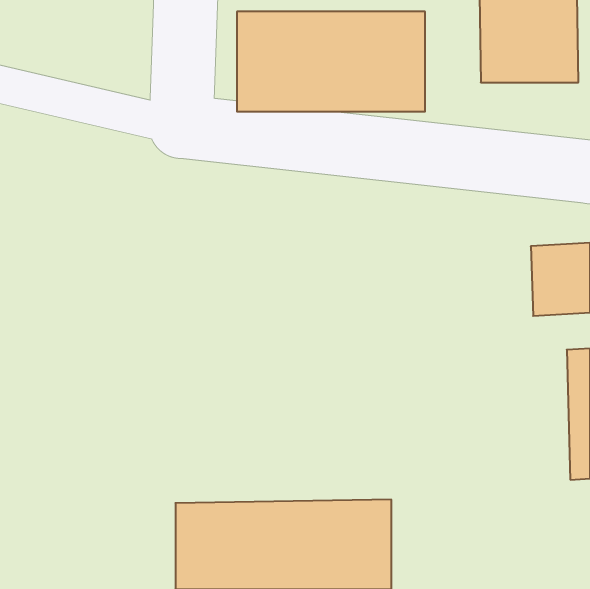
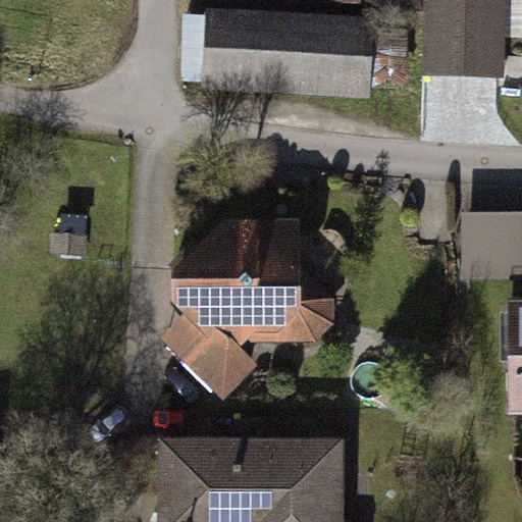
building: none -> [159,224,336,417]

